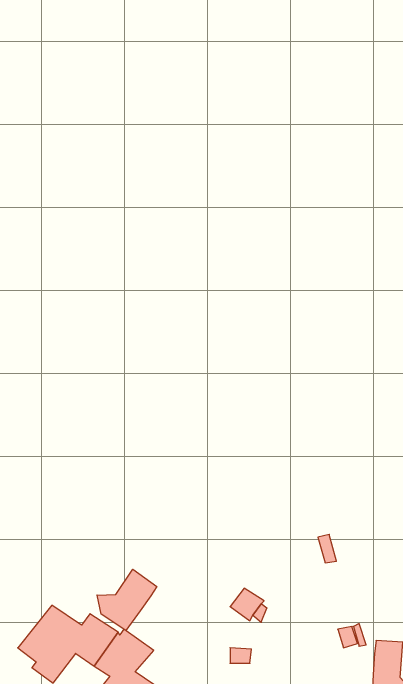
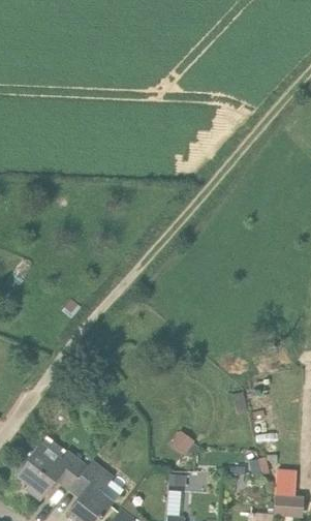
building: [97,569,157,631] -> none

